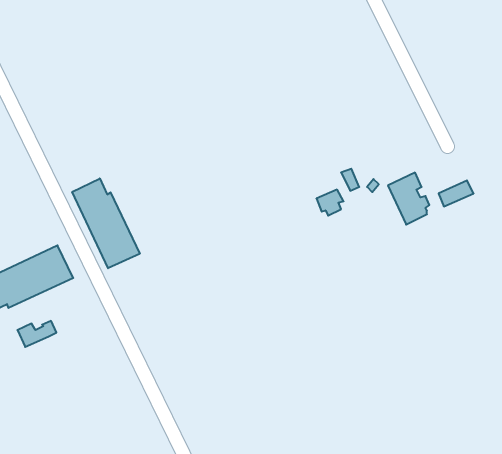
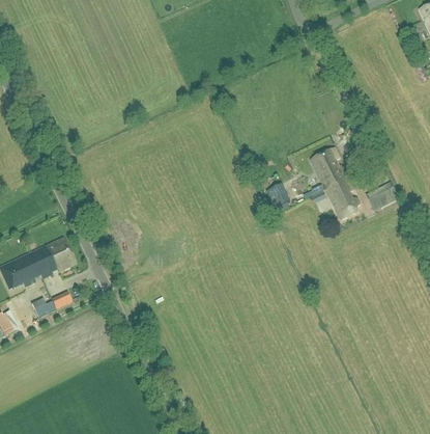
building: none -> [311,145,348,188]
building: [72,178,140,268] -> none

